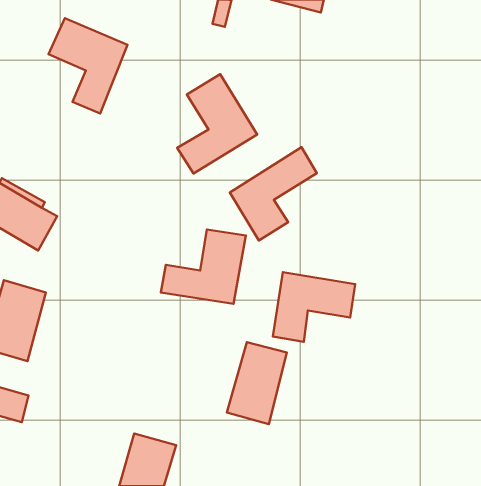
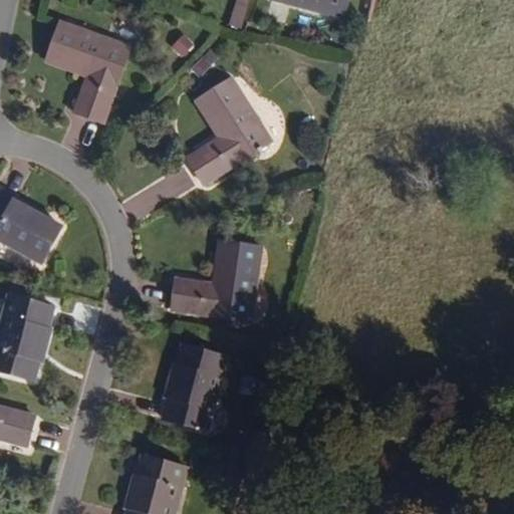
building: [230,147,317,240] -> none
building: [273,272,355,342] -> none
building: [227,342,287,424] -> [161,347,224,434]

